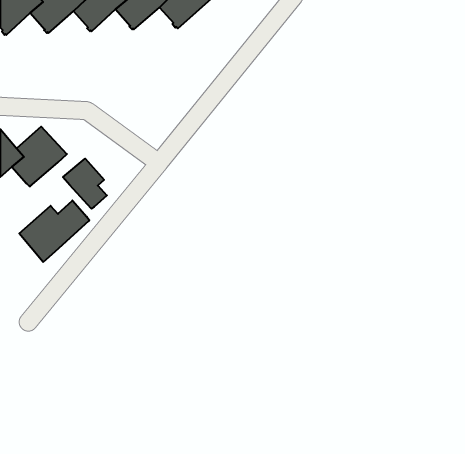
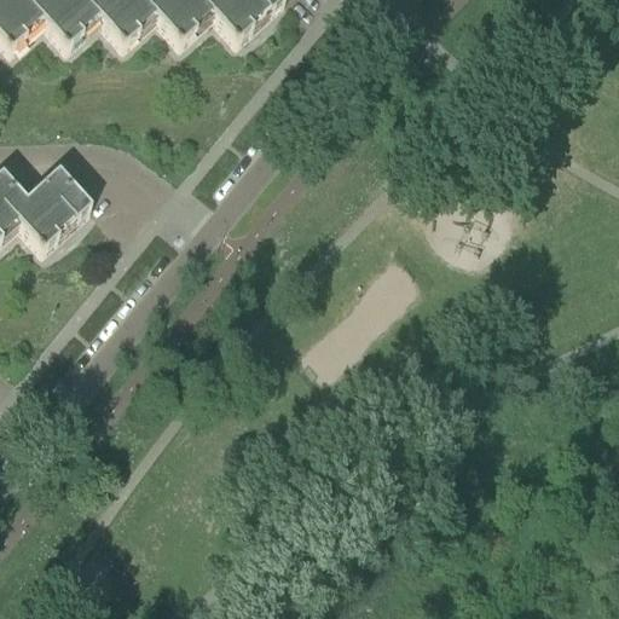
building: [63,159,107,209] -> none
building: [19,200,89,262] -> none

